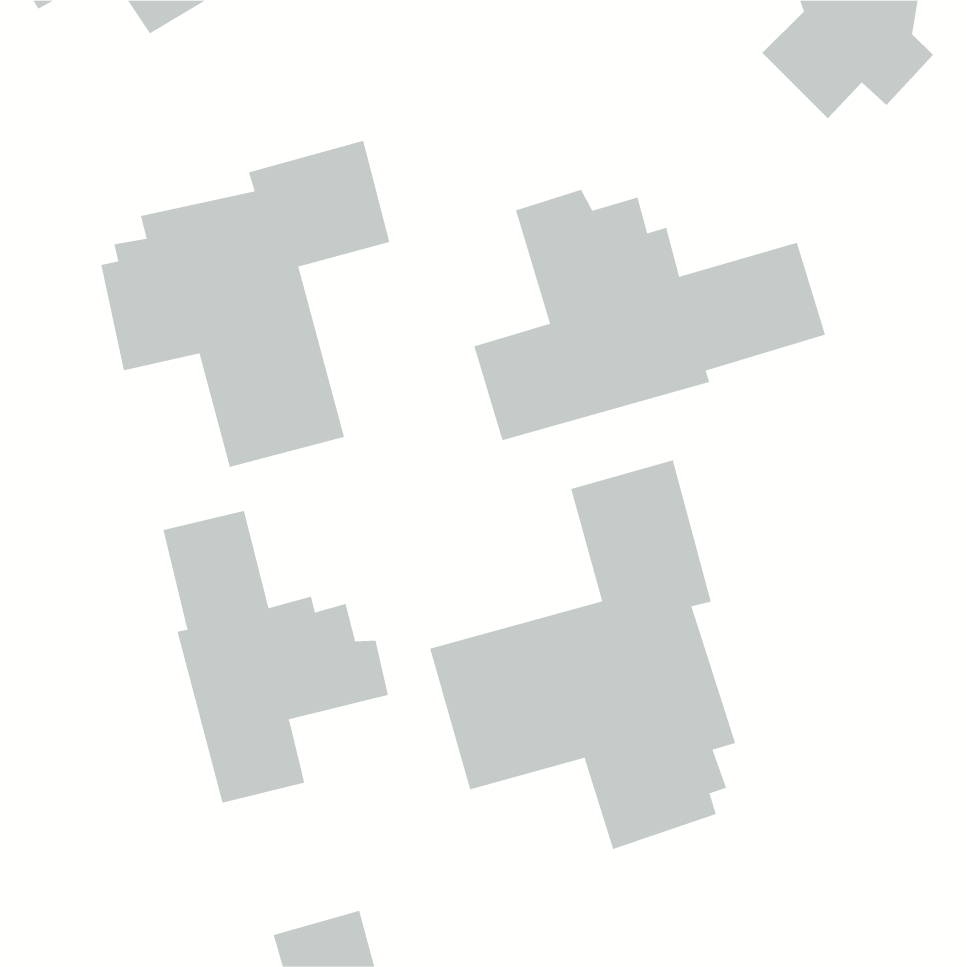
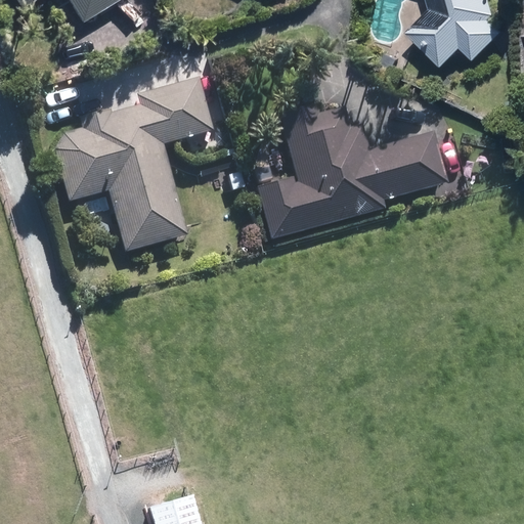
building: [430,459,736,850] -> none
building: [163,510,389,803] -> none

